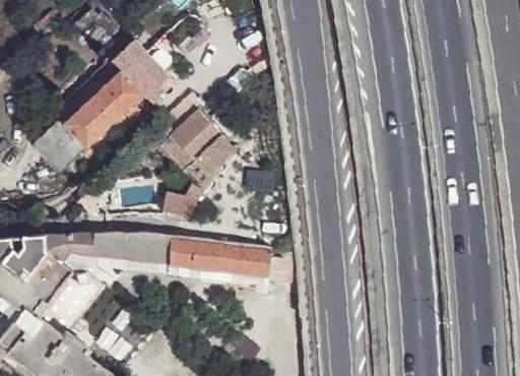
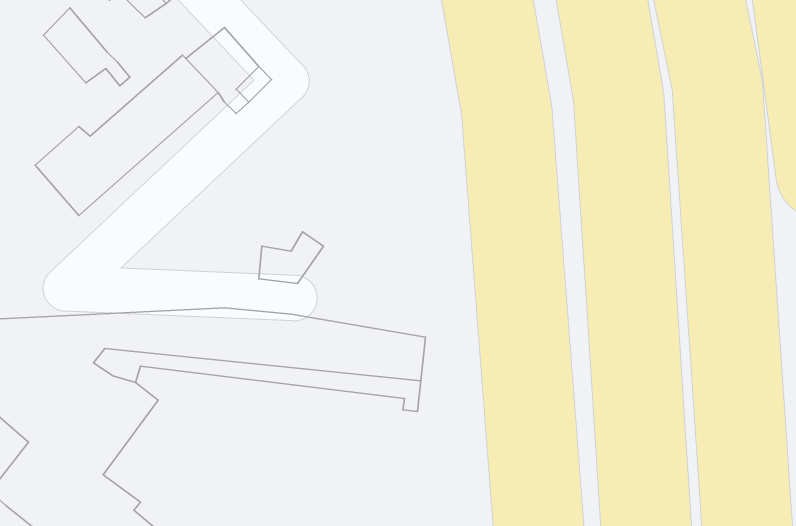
building: none -> [44,8,130,86]
building: [167,111,235,172] -> none

